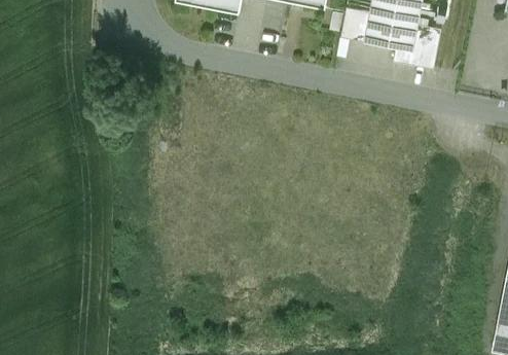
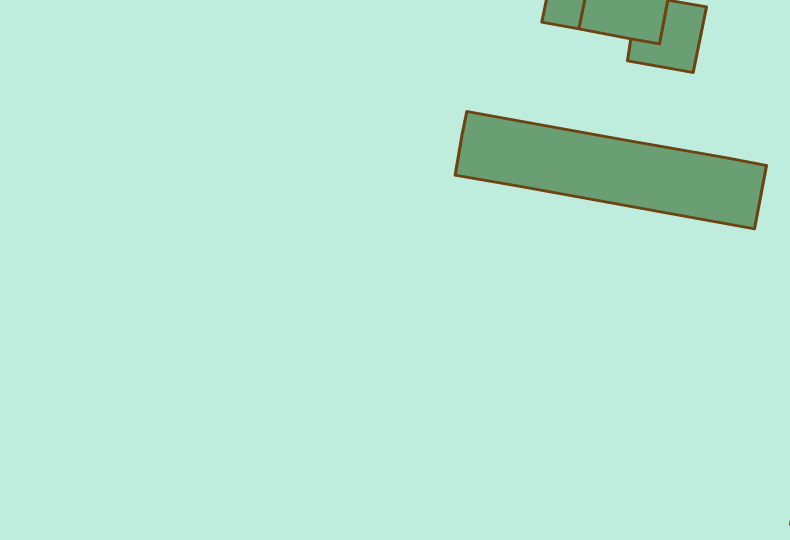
building: none -> [455,112,766,229]

